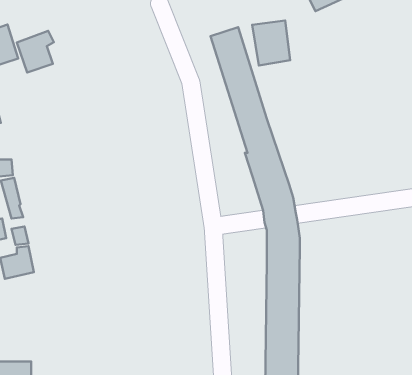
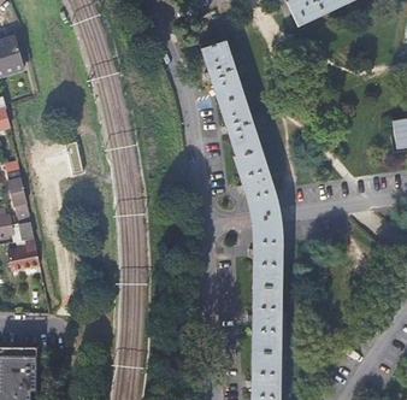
building: [252,20,290,65] -> none
building: [17,31,54,72] -> none

